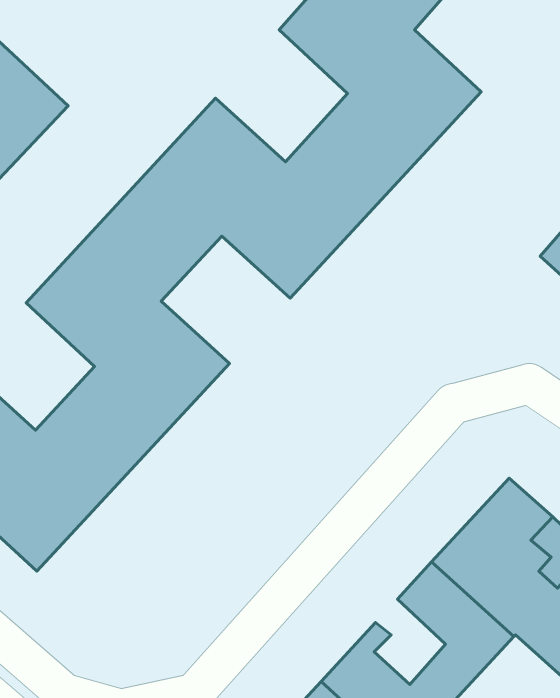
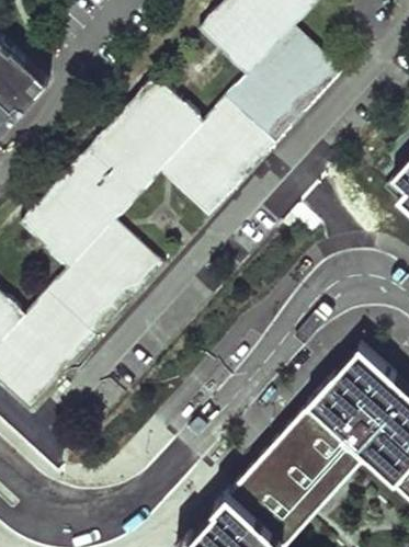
building: none -> [265,431,316,491]

